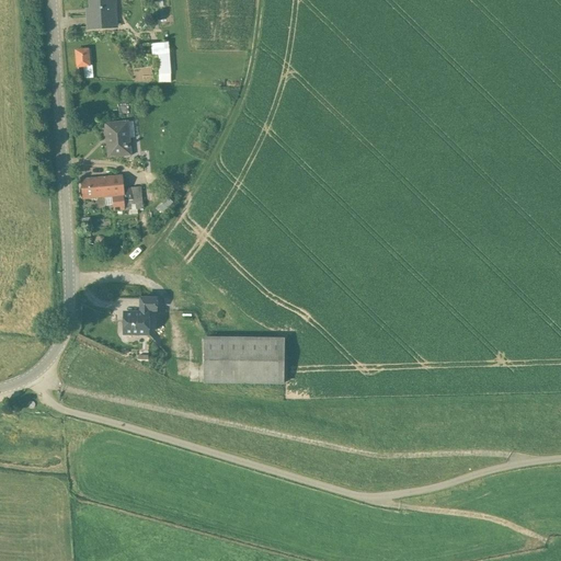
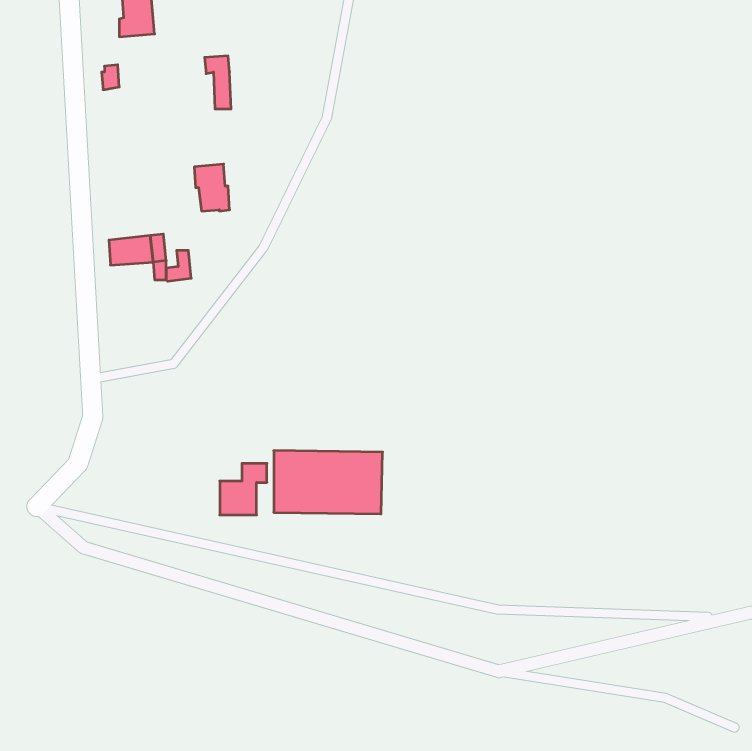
building: [105,121,131,156] -> [194,164,230,211]
building: [123,296,158,334] -> [220,463,267,515]

